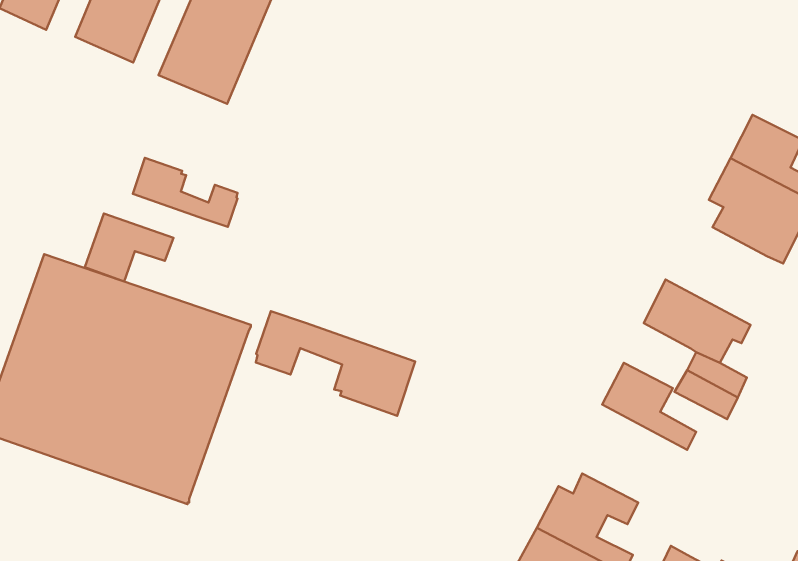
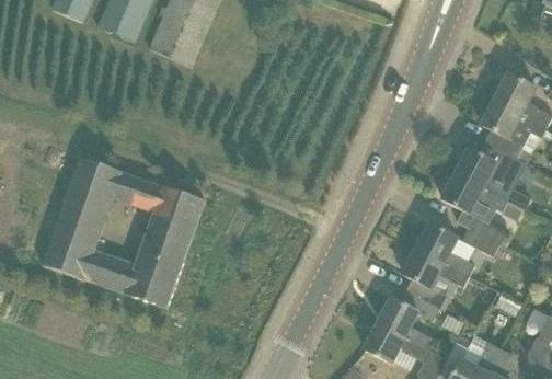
building: [133,158,238,227] -> none
building: [85,214,173,282] -> none
building: none -> [456,140,530,208]
building: [256,311,415,416] -> none
building: none -> [403,248,469,307]

